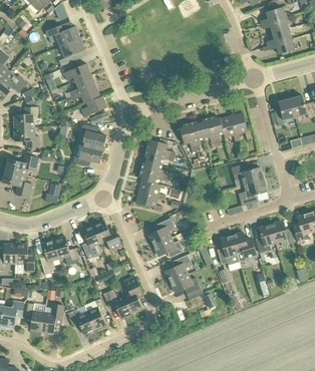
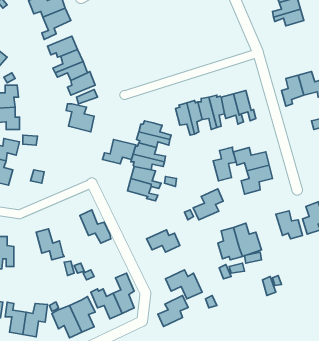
building: [72,144,102,166] -> [102,139,136,164]
building: none -> [213,147,236,181]
building: [147,218,175,246] -> [193,189,223,220]
building: [255,224,275,253] -> none
building: [81,225,100,259] -> none
building: [39,240,58,275] -> none
building: [165,254,192,282] -> [158,295,188,327]

